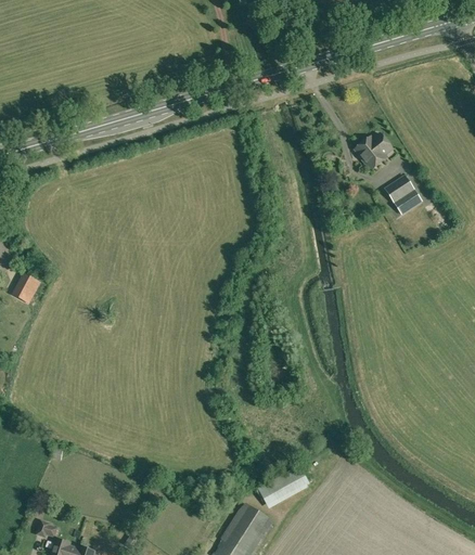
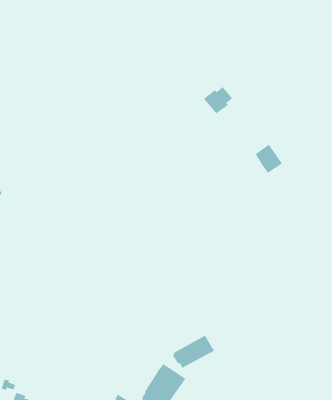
building: [355,133,393,169] -> [203,86,233,114]
building: [385,176,421,214] -> [255,144,283,174]

